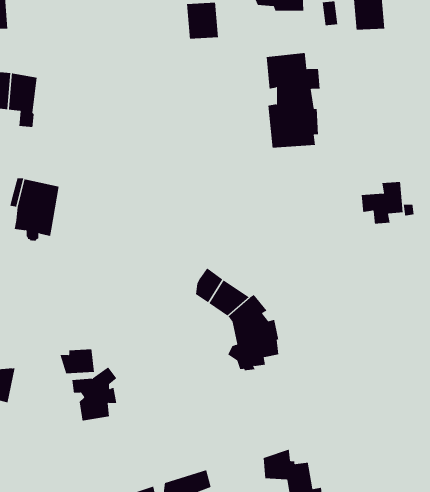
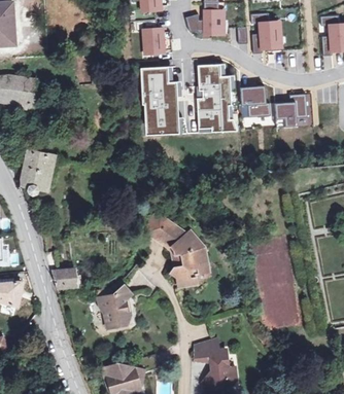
building: none -> [140,67,186,135]
building: none -> [241,86,269,117]
building: [361,181,404,224] -> [276,95,306,124]
building: [72,366,117,421] -> [100,289,132,327]

